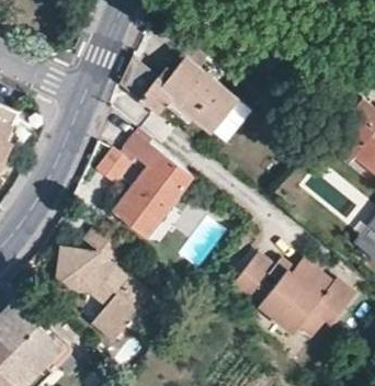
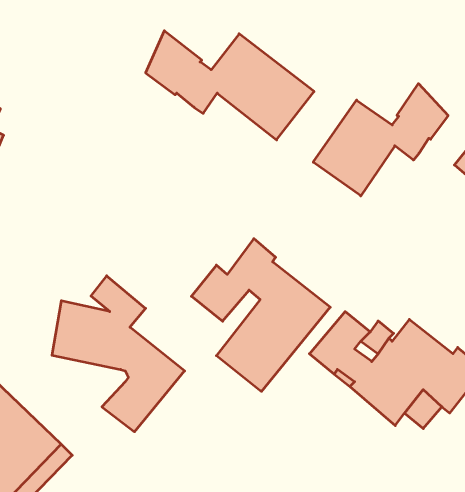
building: none -> [313,84,448,196]
building: [95,129,193,237] -> [191,239,330,391]

